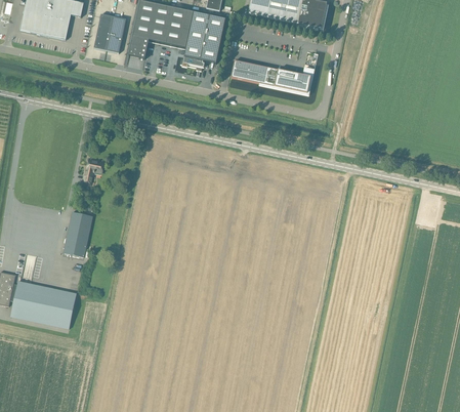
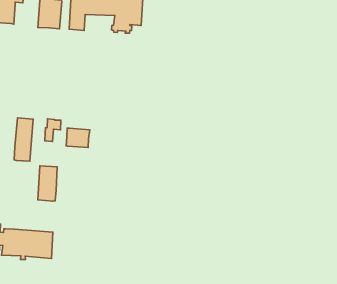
building: [231,59,313,92] -> none
building: none -> [14,118,33,161]
building: none -> [66,128,90,148]

